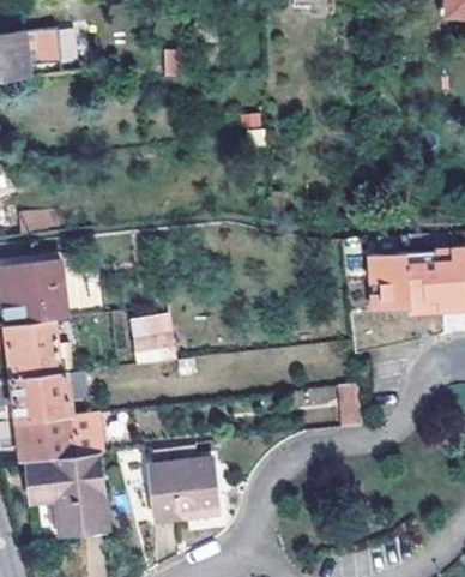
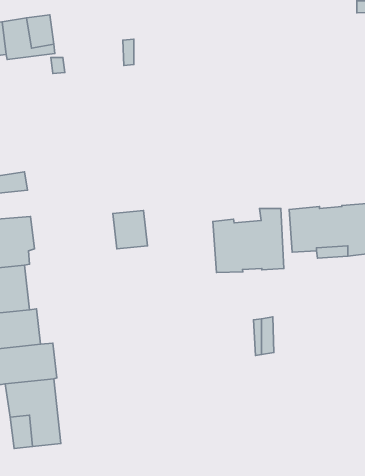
building: none -> [213,208,284,273]
building: [132,317,173,362] -> [113,210,147,249]
building: [141,461,211,519] -> none

